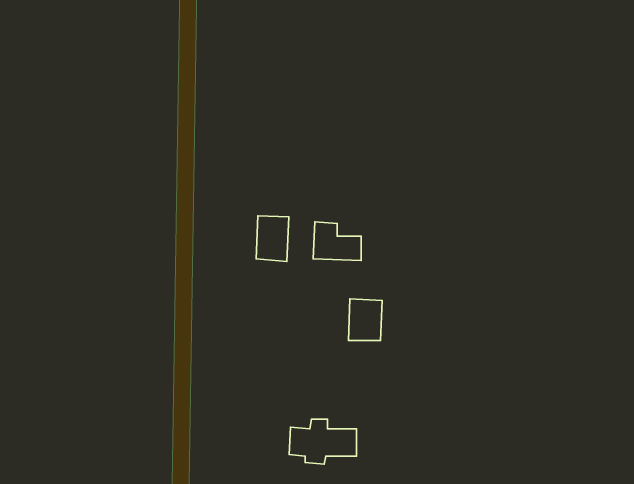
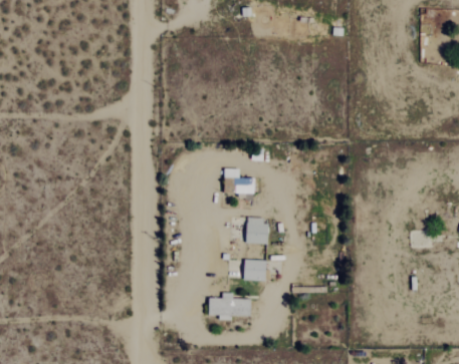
building: [256,216,289,262] -> none
building: none -> [244,261,266,281]

